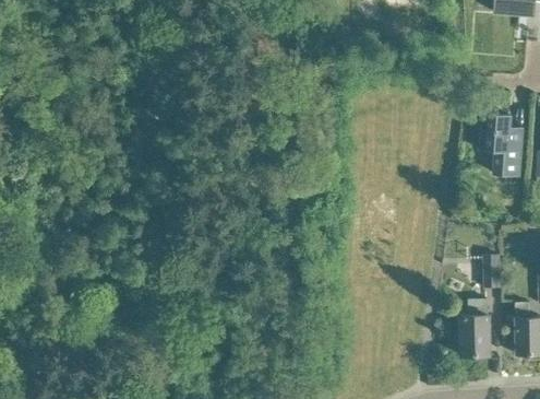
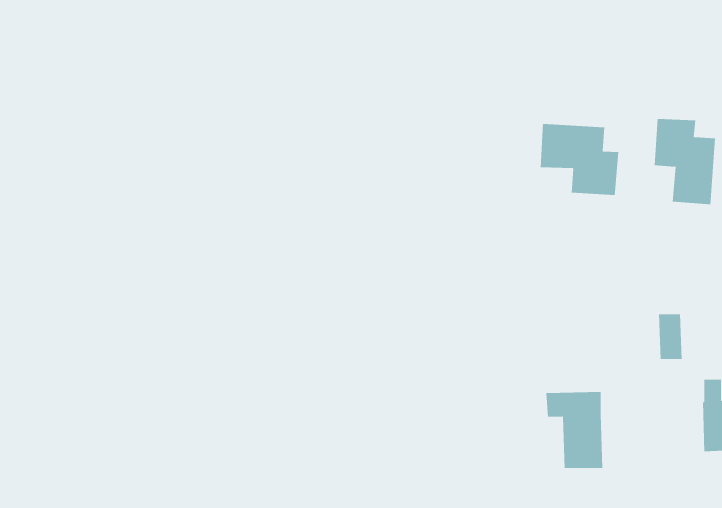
building: none -> [540,123,619,196]
building: [448,298,490,355] -> [546,391,603,470]

